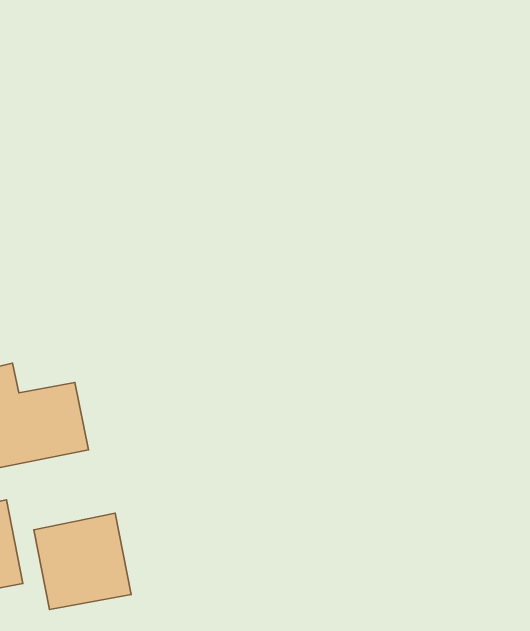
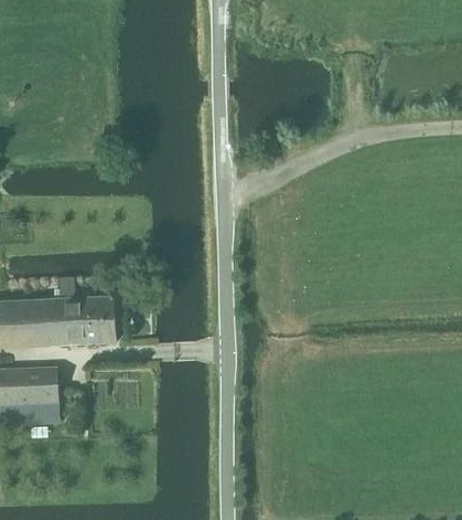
building: [34,513,131,609] -> none

